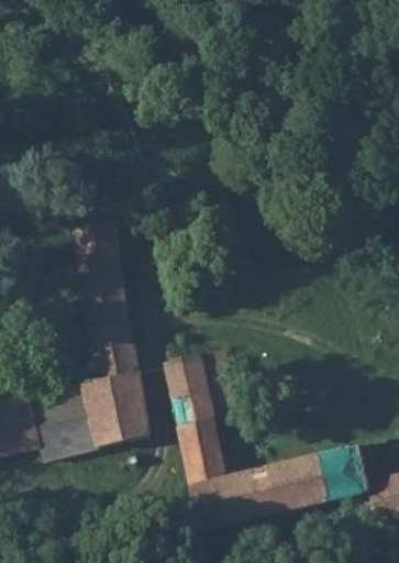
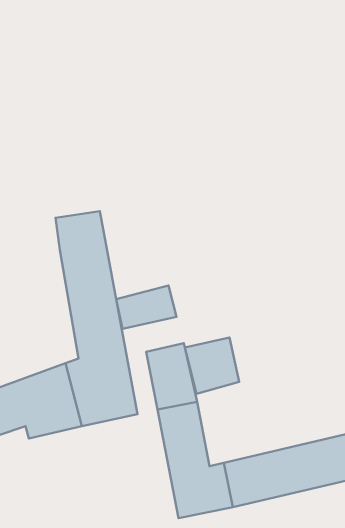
building: none -> [116,286,177,329]
building: none -> [185,337,239,394]

